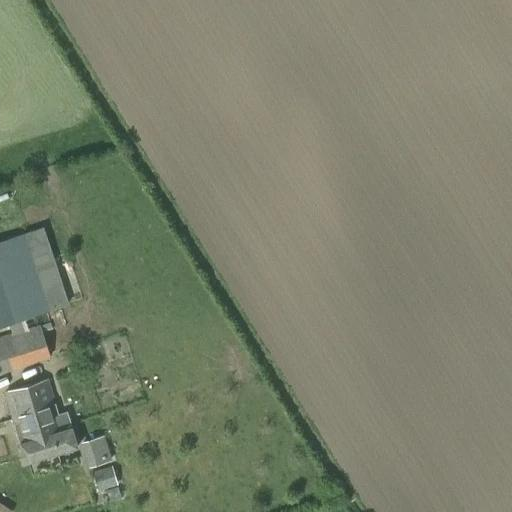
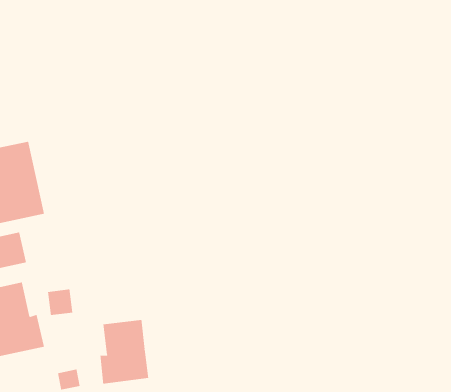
building: none -> [100,319,149,385]
building: [84,435,113,465] -> [47,289,73,316]

